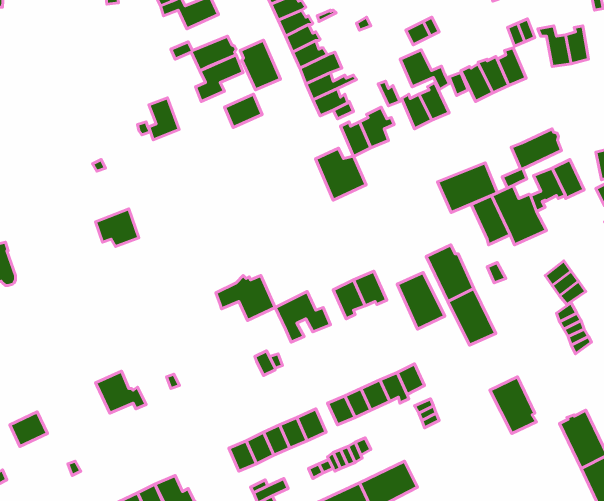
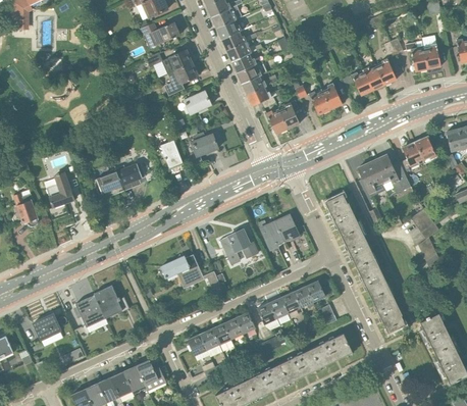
building: [240,40,281,90] -> none
building: [400,50,450,89] -> none
building: [149,98,179,140] -> [161,139,183,168]
building: [502,129,562,188] -> none
building: [315,148,366,200] -> none
building: none -> [184,132,218,166]
building: [438,163,498,213] -> none
building: none -> [117,161,146,191]
building: none -> [46,171,74,207]
building: [397,273,445,329] -> [357,258,391,298]
building: [216,275,275,320] -> [161,254,203,286]
building: none -> [75,295,104,322]
building: none -> [311,333,353,366]

